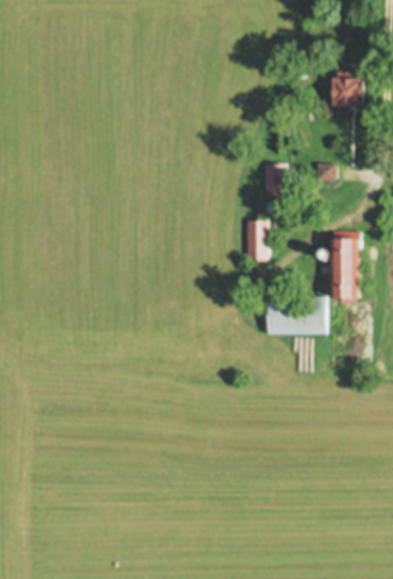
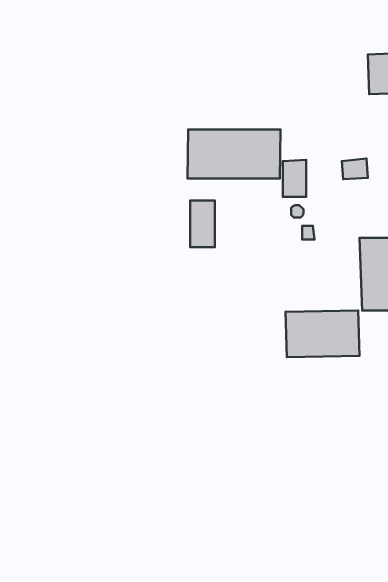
building: none -> [188,129,280,179]
building: [245,222,266,263] -> [190,200,215,247]

